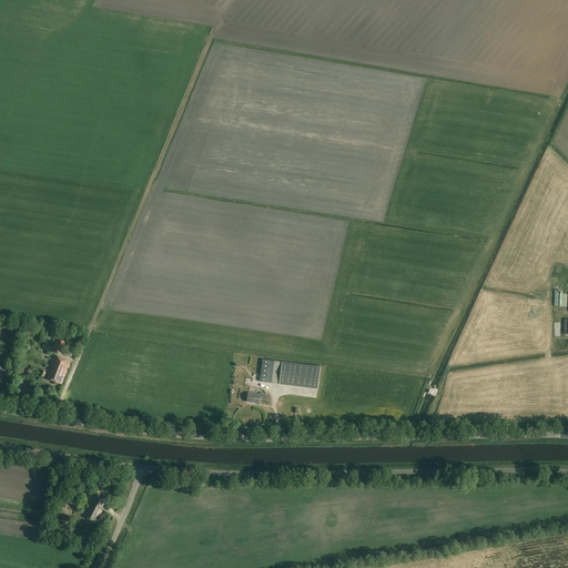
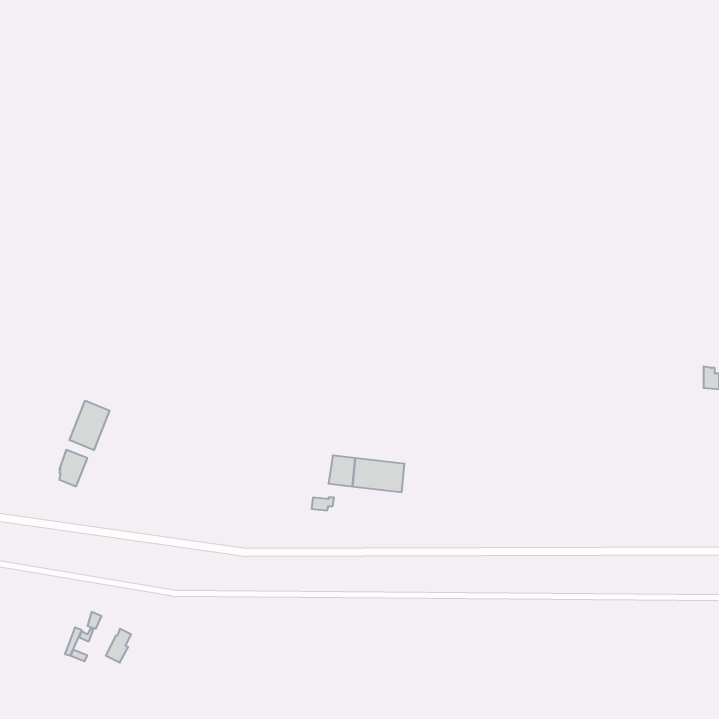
building: none -> [69,401,110,450]

